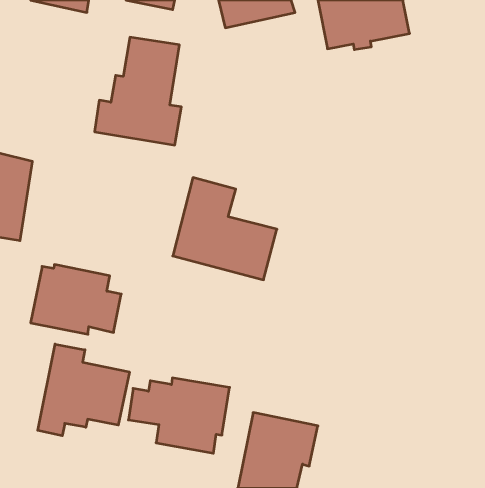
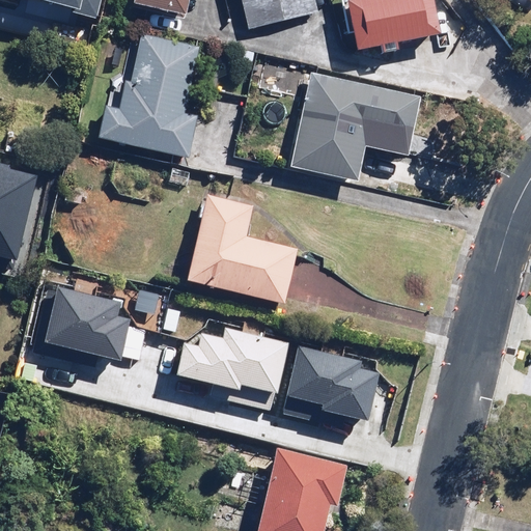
building: none -> [289,72,421,181]
building: none -> [283,343,379,425]
building: [38,344,129,436] -> none
building: [128,378,230,453] -> [176,328,286,410]

